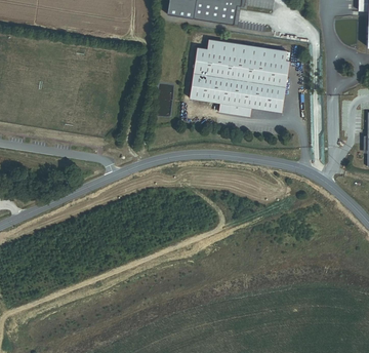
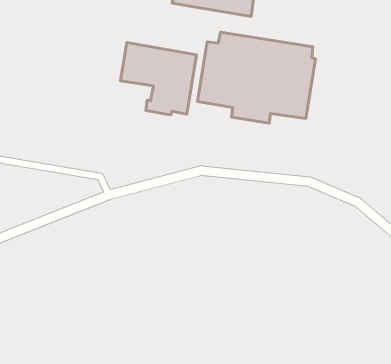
building: none -> [120,43,196,115]

